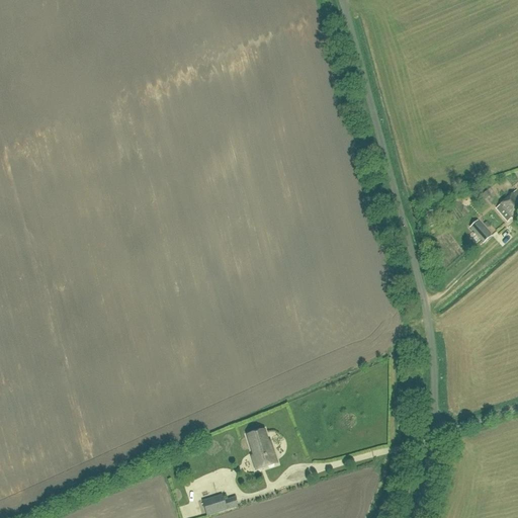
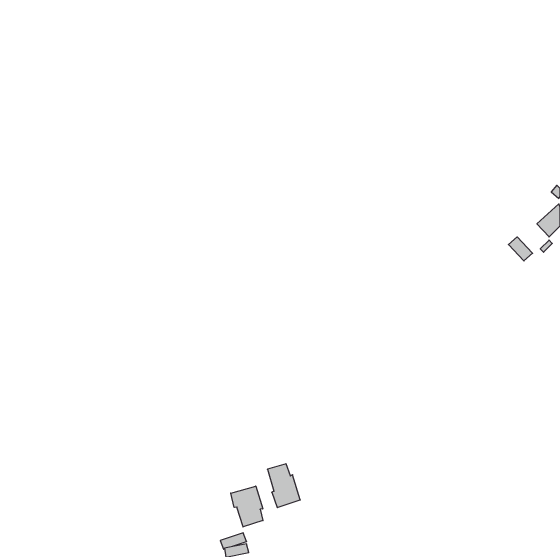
building: none -> [231,486,263,527]

